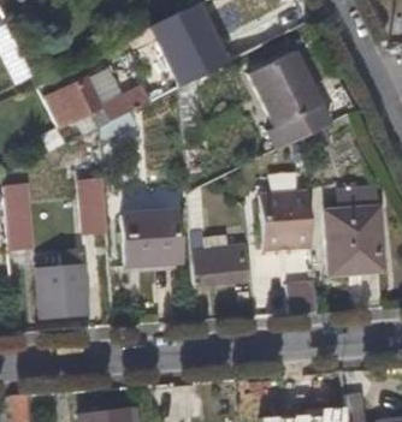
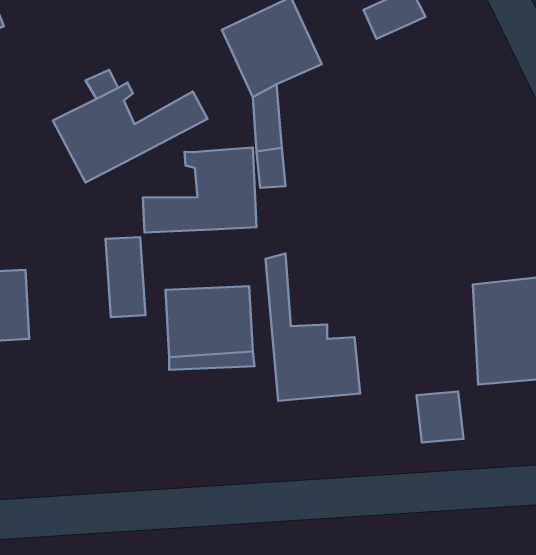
building: [248,49,330,145] -> none
building: none -> [143,148,257,233]
building: [258,192,313,250] -> none
building: [36,246,88,316] -> none

